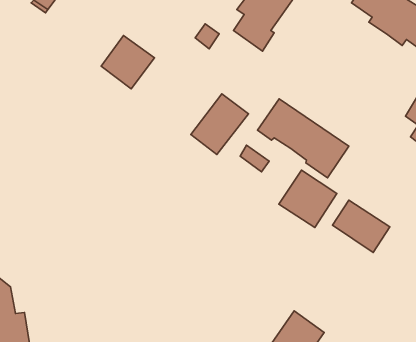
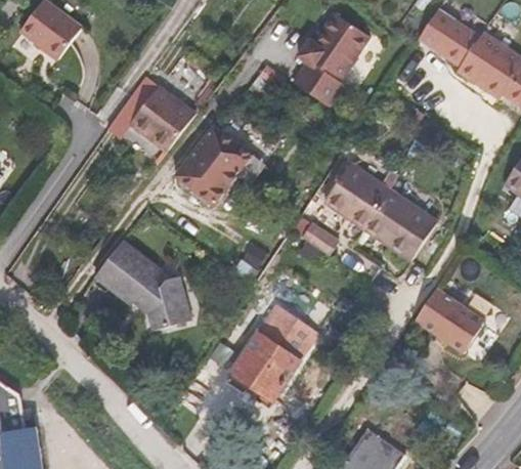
building: [191,94,248,154] -> [181,130,252,205]
building: none -> [94,243,182,328]
building: [279,170,337,227] -> none
building: none -> [230,306,314,400]

